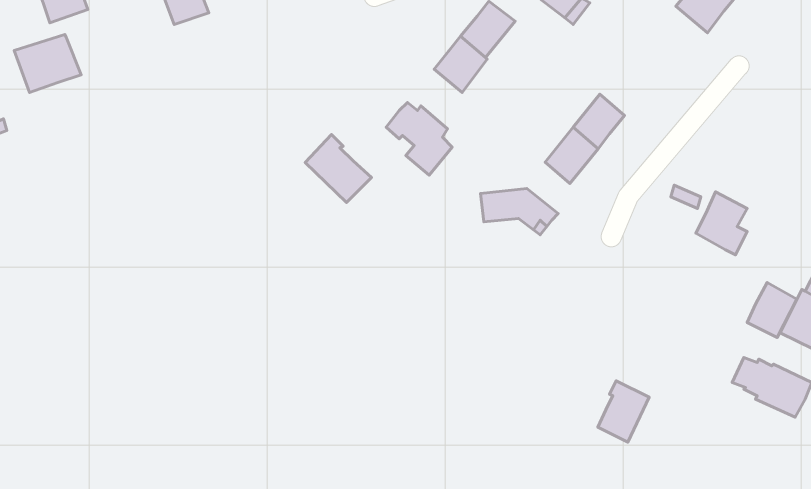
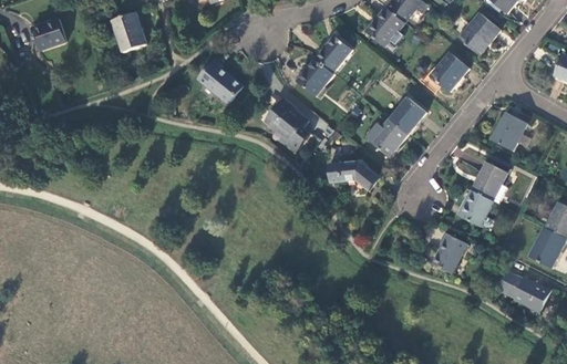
building: none -> [431,52,468,91]
building: [14,34,81,93] -> none
building: none -> [491,110,527,149]
building: [305,134,371,202] -> [196,58,240,103]
building: [747,283,797,337] -> [458,189,492,226]
building: [598,381,649,442] -> [432,229,466,270]

